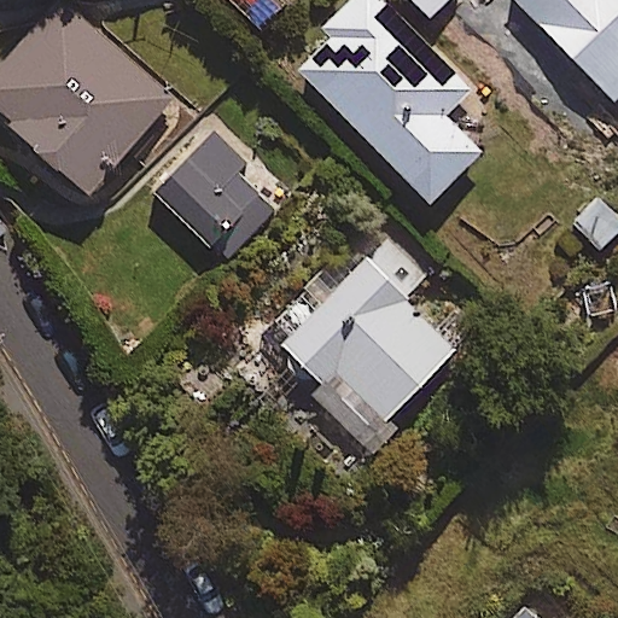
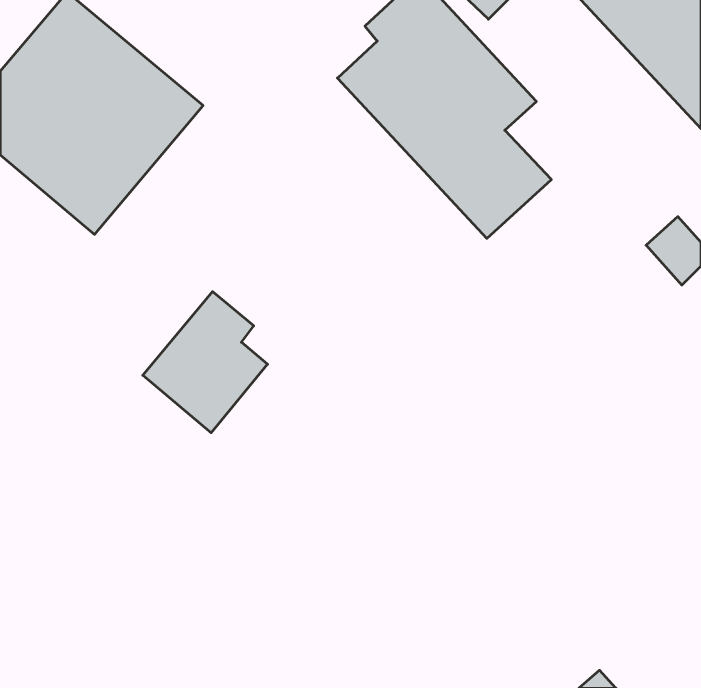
building: [153,124,263,249] -> [143,292,268,433]
building: [276,241,459,443] -> none

